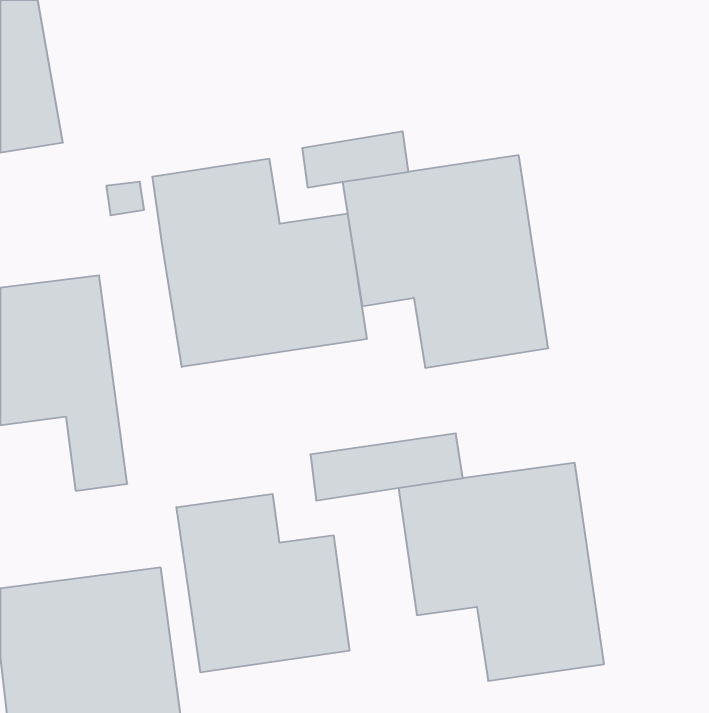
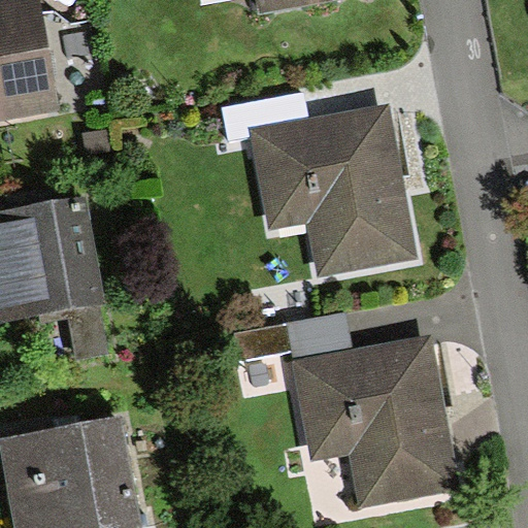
building: [152,159,367,367] -> none
building: [176,494,349,672] -> none

